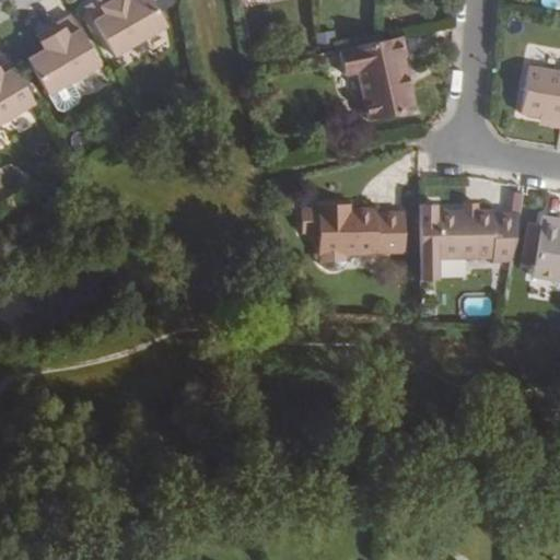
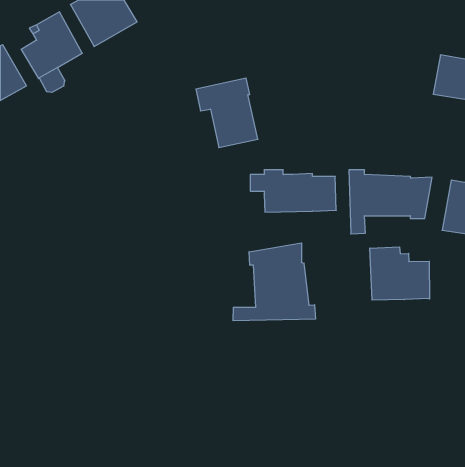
building: [341,36,416,119] -> [196,78,258,148]
building: none -> [233,243,315,321]
building: none -> [370,247,430,300]

